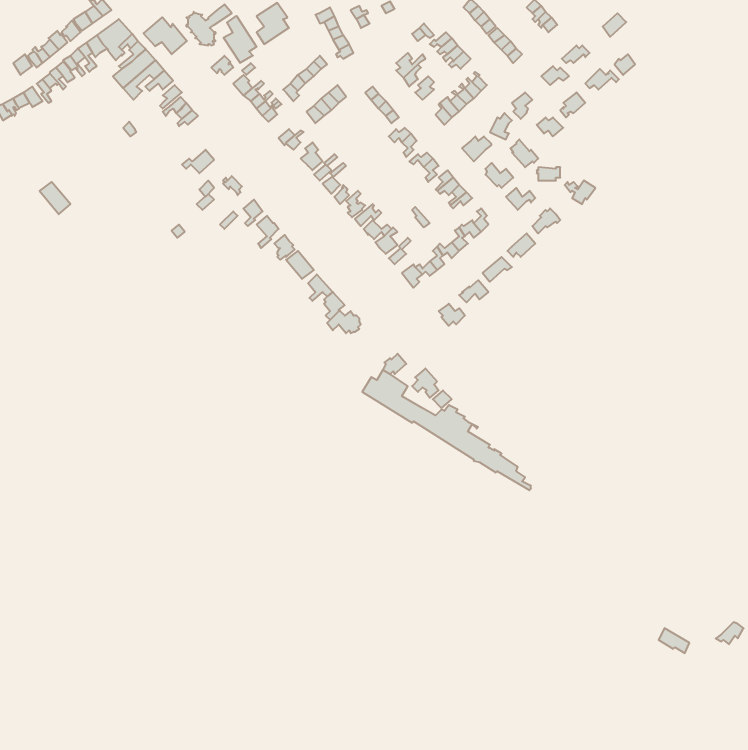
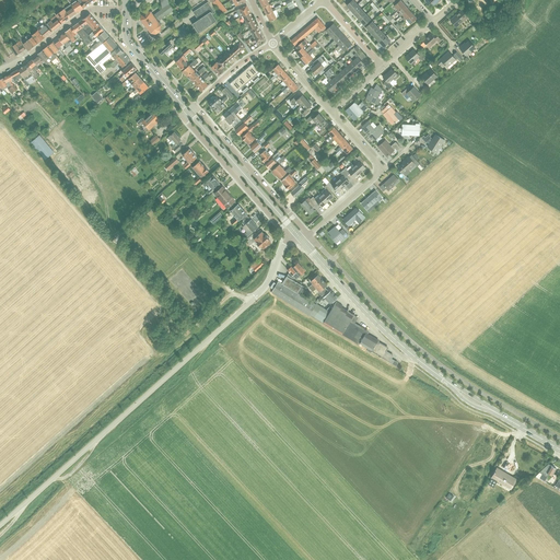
building: [224,16,257,63] -> none
building: [144,17,187,54] -> none

